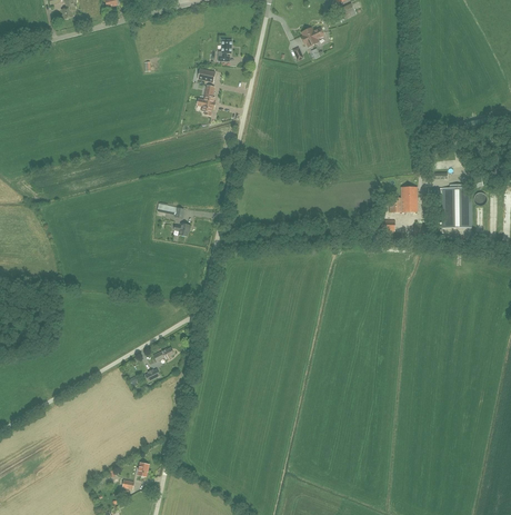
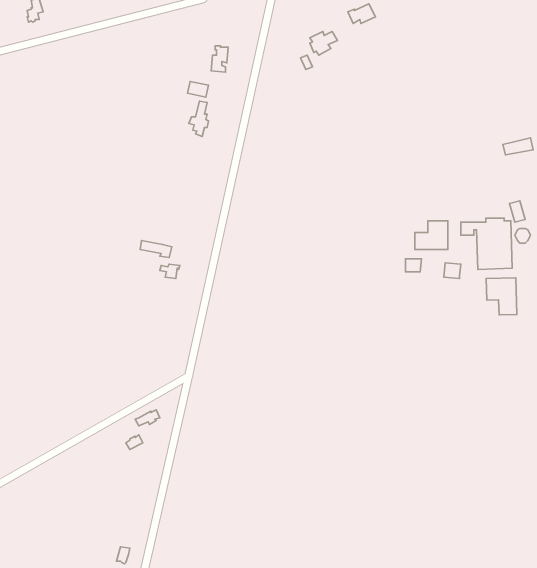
building: none -> [486,278,517,315]

